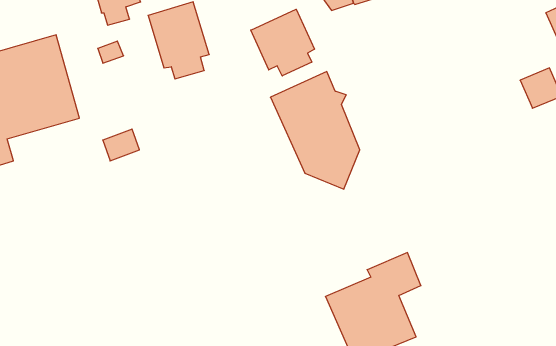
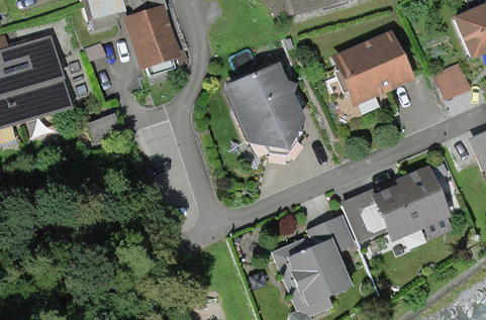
building: [251,9,314,76] -> none
building: none -> [336,33,407,98]
building: none -> [343,169,449,244]

